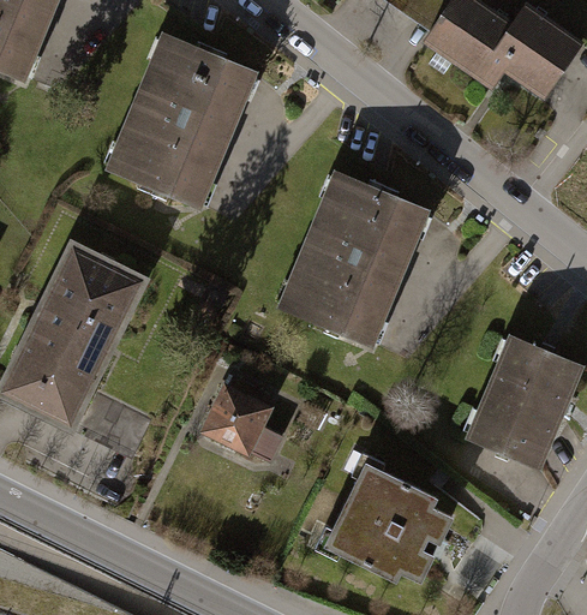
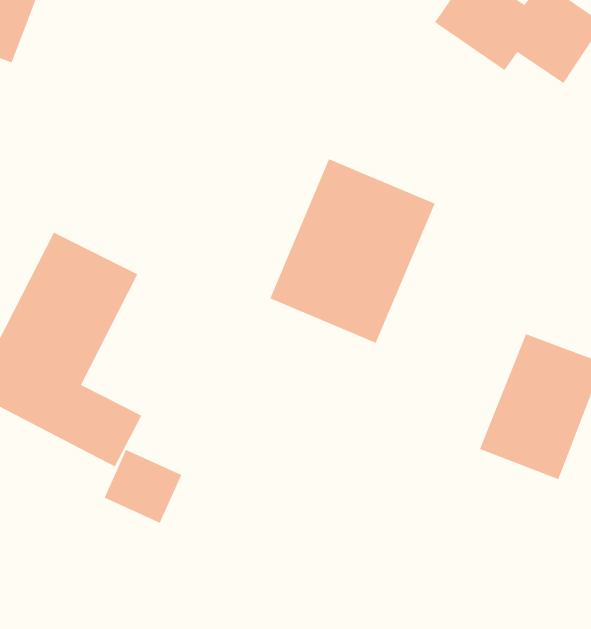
building: [103,35,254,204] -> none
building: [203,389,276,459] -> [104,449,182,524]
building: [322,453,459,586] -> none

